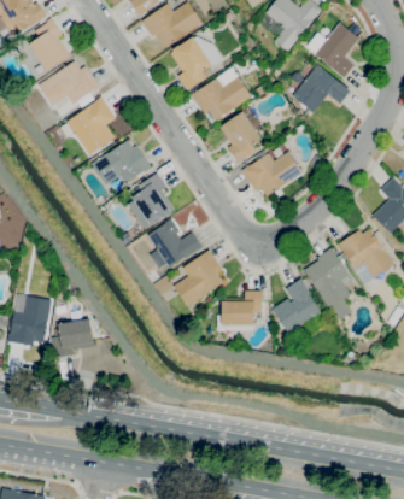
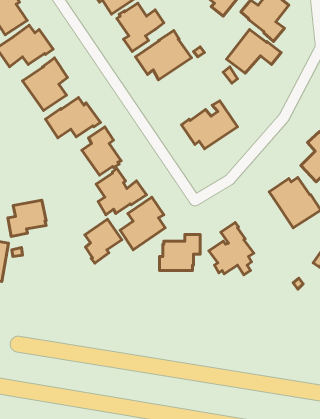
building: [221,104,262,164] -> none
building: [303,247,351,319] -> none
building: none -> [85,219,122,263]
building: [52,318,94,358] -> [8,200,46,236]

